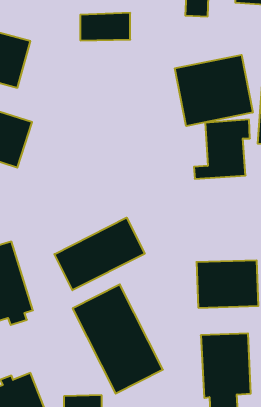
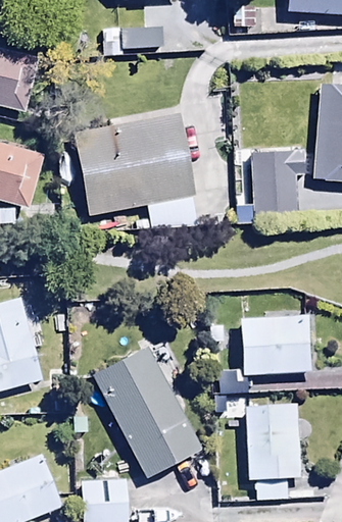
building: [175,55,253,126] -> none
building: none -> [72,114,198,236]
building: [54,218,145,290] -> none

